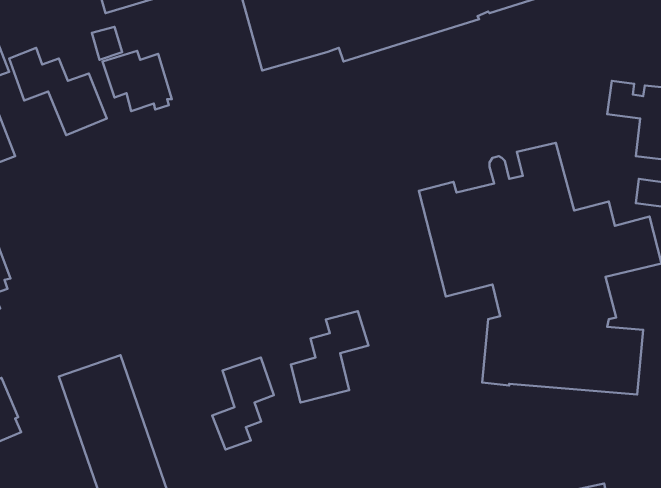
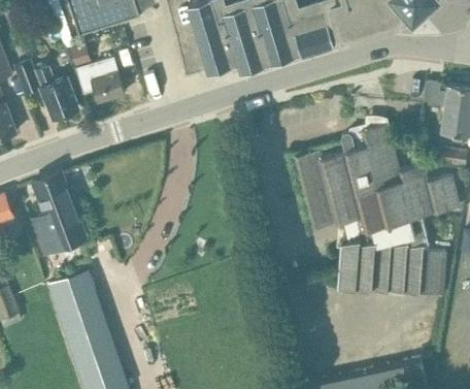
building: none -> [33,172,87,255]
building: [291,311,369,402] -> none
building: [212,358,274,450] -> none

